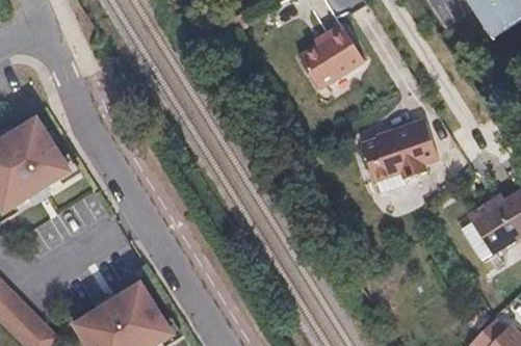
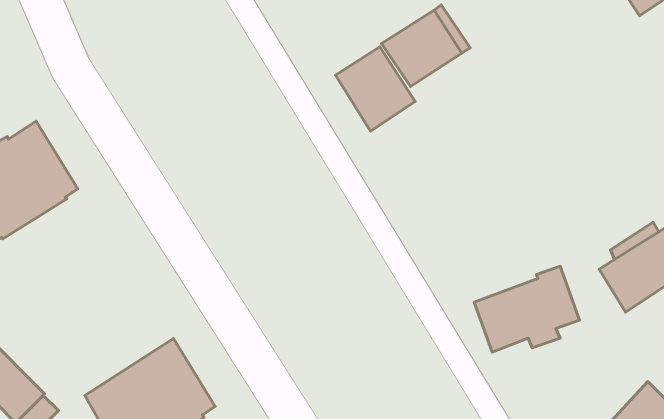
building: none -> [335,47,415,131]
building: [361,124,440,188] -> [474,266,579,352]

